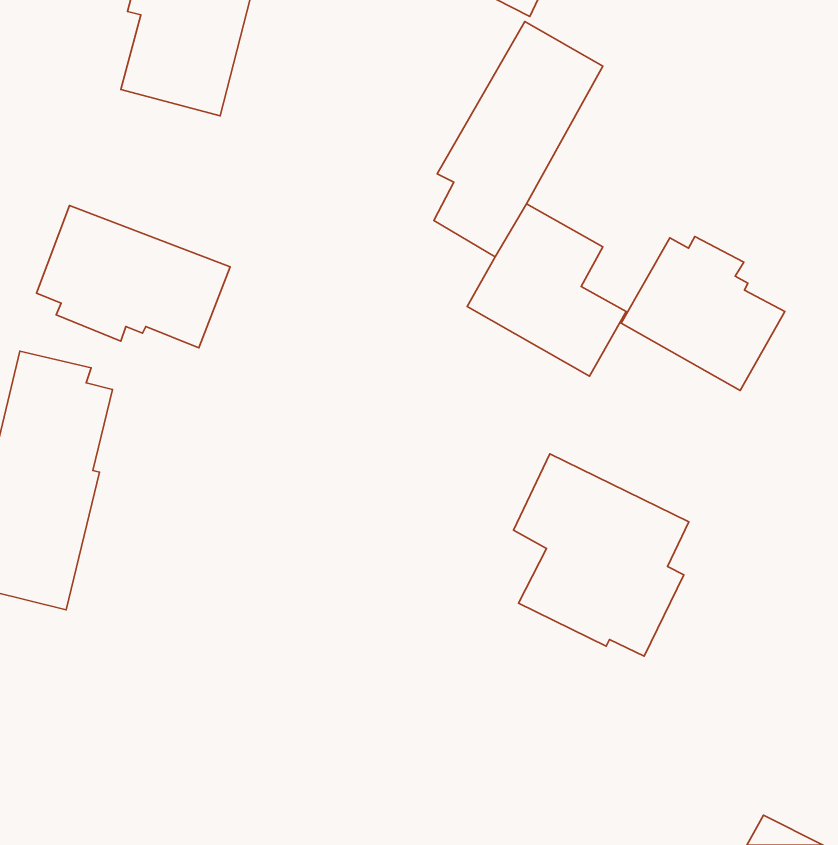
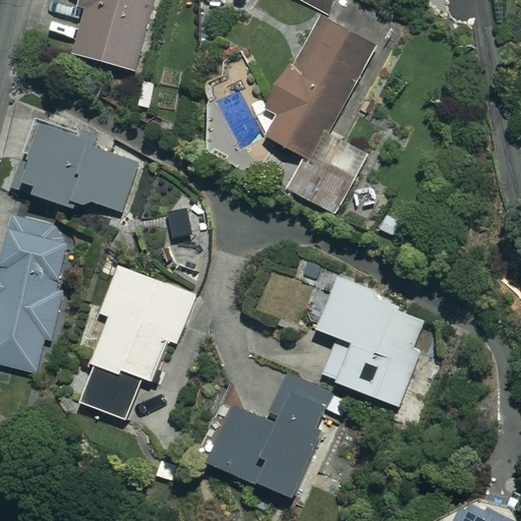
building: [621,236,785,391] -> none
building: none -> [79,267,192,419]
building: none -> [209,375,331,496]

